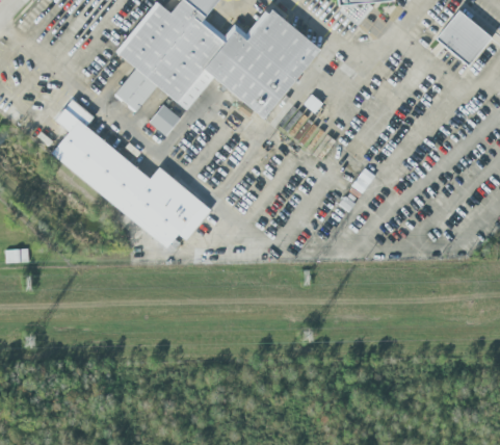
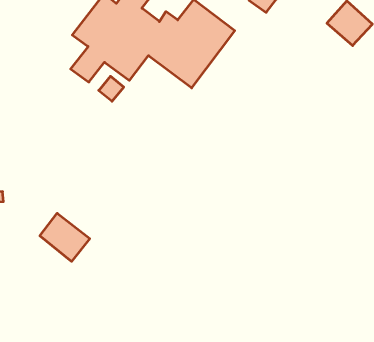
building: [50,99,211,246] -> none
building: none -> [40,213,90,261]

